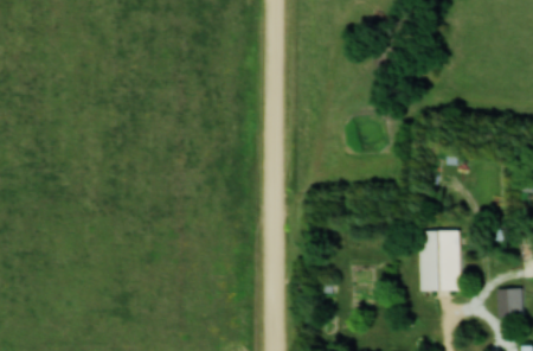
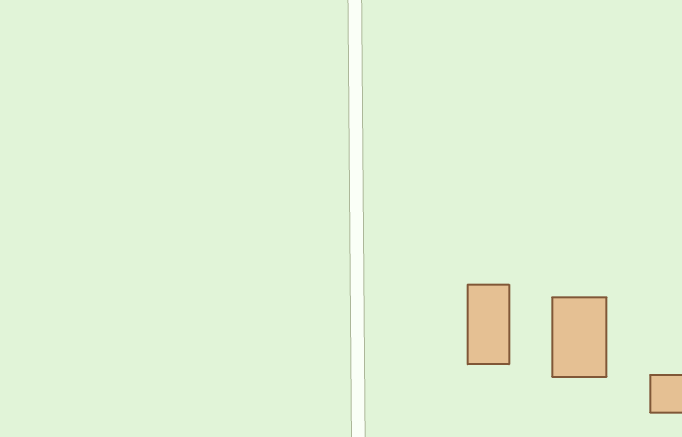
building: none -> [468,285,509,364]

